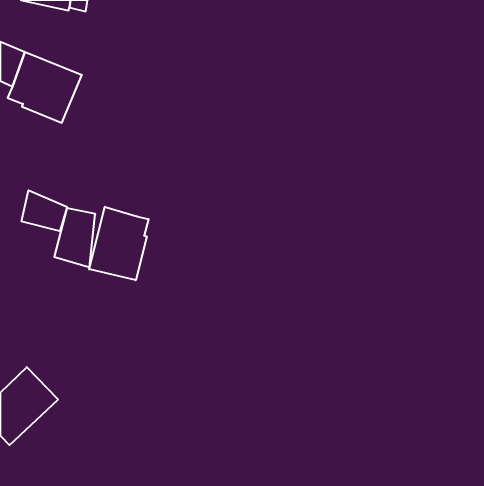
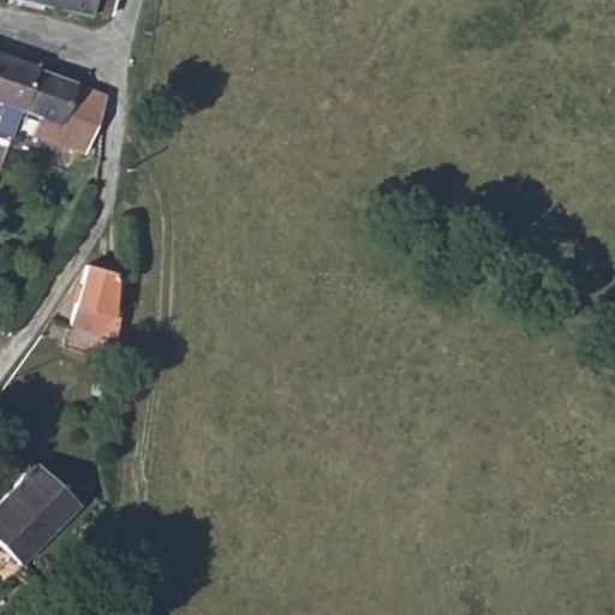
building: [22,190,67,231] -> none
building: [89,207,149,280] -> none

